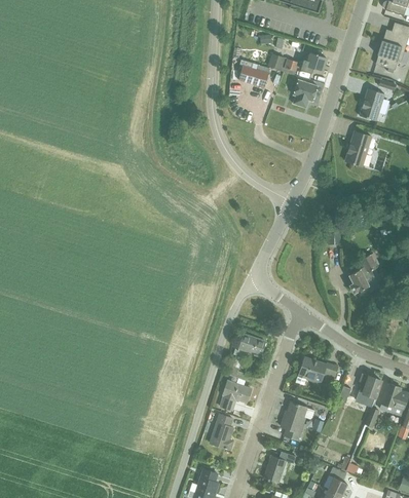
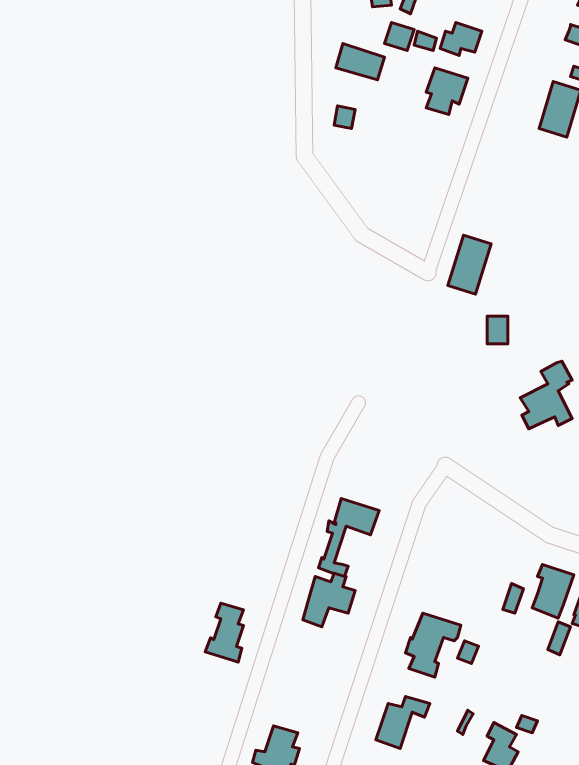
building: [345,130,371,165] -> [448,235,491,294]
building: [295,356,338,384] -> none
building: [210,414,232,449] -> [205,603,243,662]

